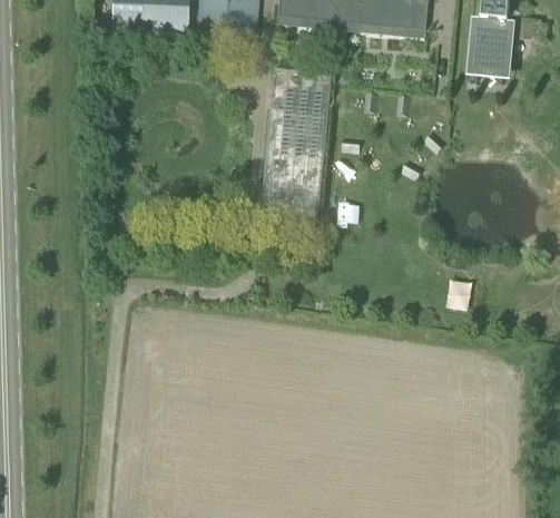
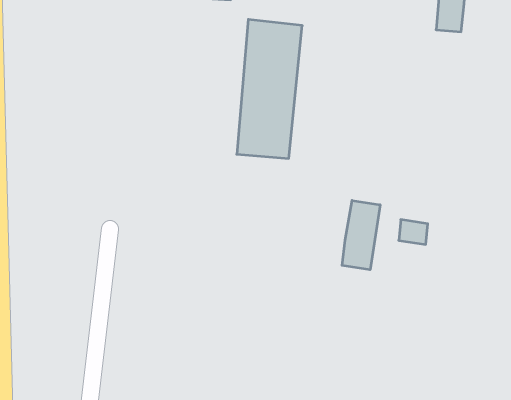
building: none -> [342,200,380,270]

